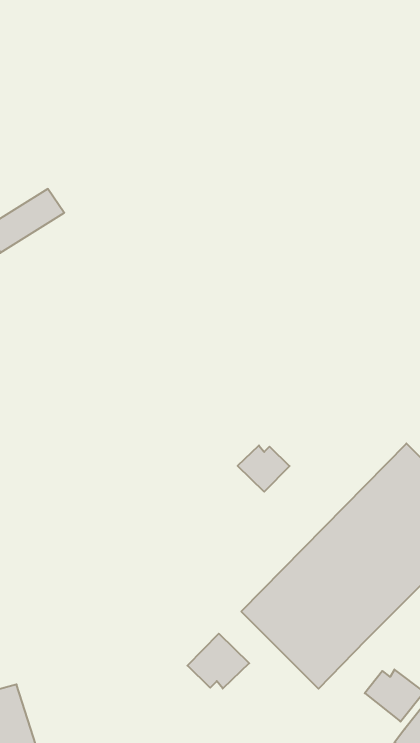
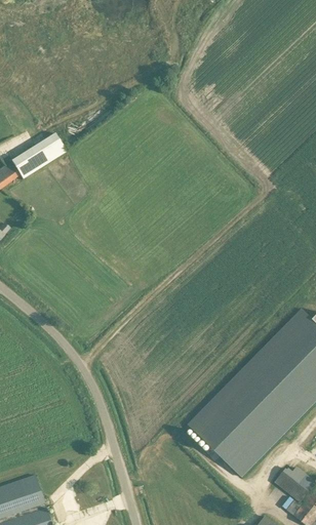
building: [238,445,290,492] -> none
building: [187,634,249,689] -> none

